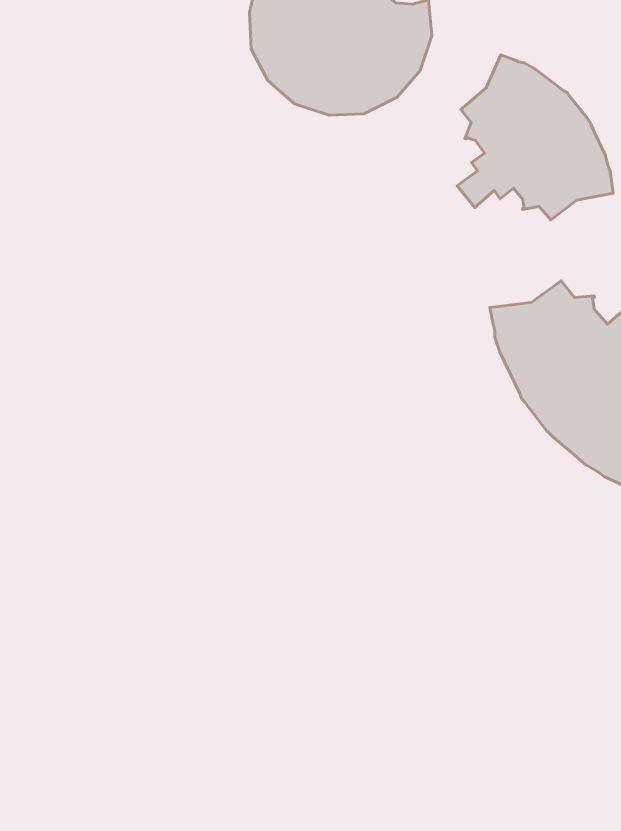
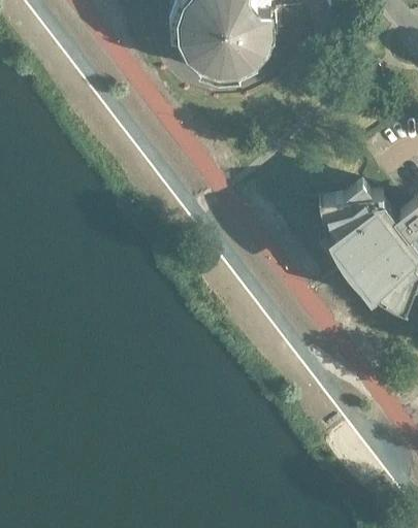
building: [457,55,613,220] -> none

